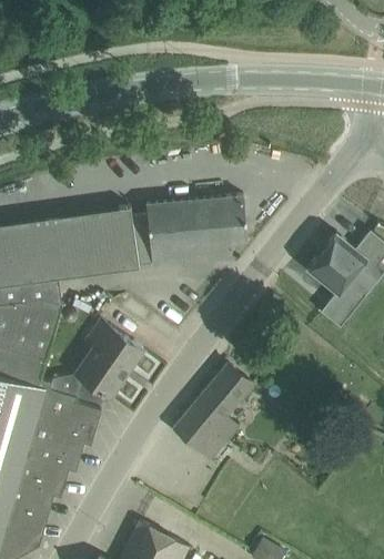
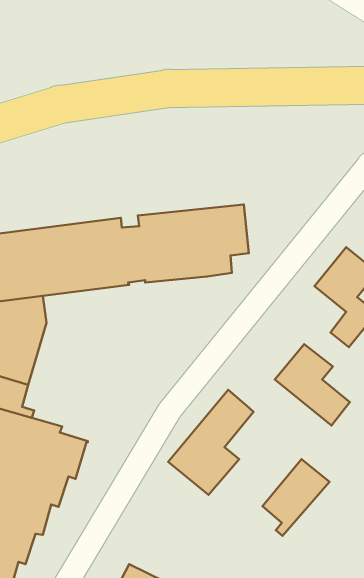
building: [78,322,143,398] -> none
building: none -> [275,344,350,426]
building: none -> [262,459,330,536]

